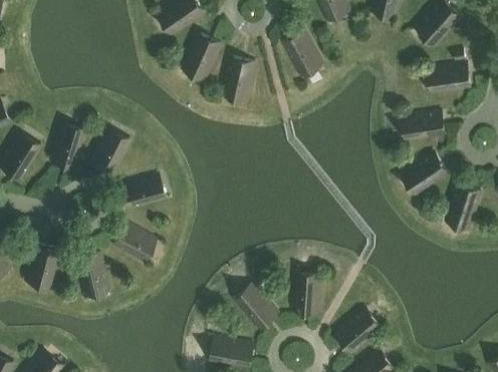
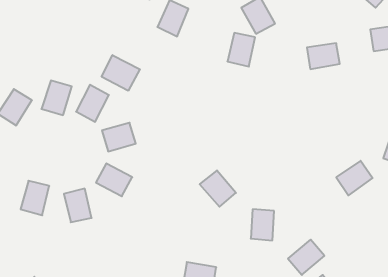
building: [224,57,256,96] -> [227,33,255,67]
building: none -> [102,55,140,91]
building: [408,110,446,140] -> [307,43,340,69]
building: [407,152,449,193] -> [336,161,373,195]
building: [237,286,279,328] -> [200,170,236,207]

